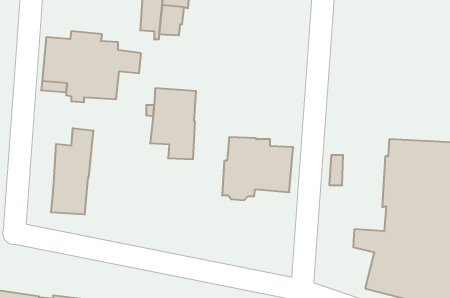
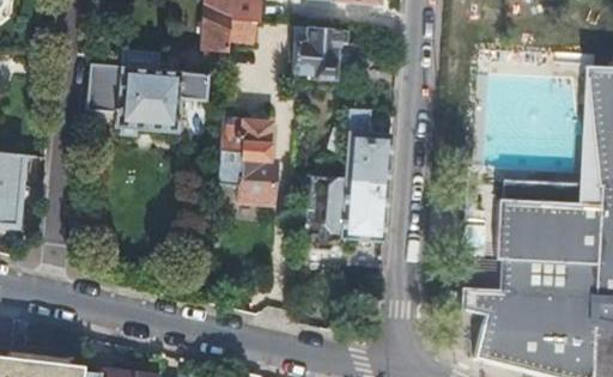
building: none -> [295,25,356,81]
building: none -> [344,109,392,188]
building: [51,128,93,215] -> none

